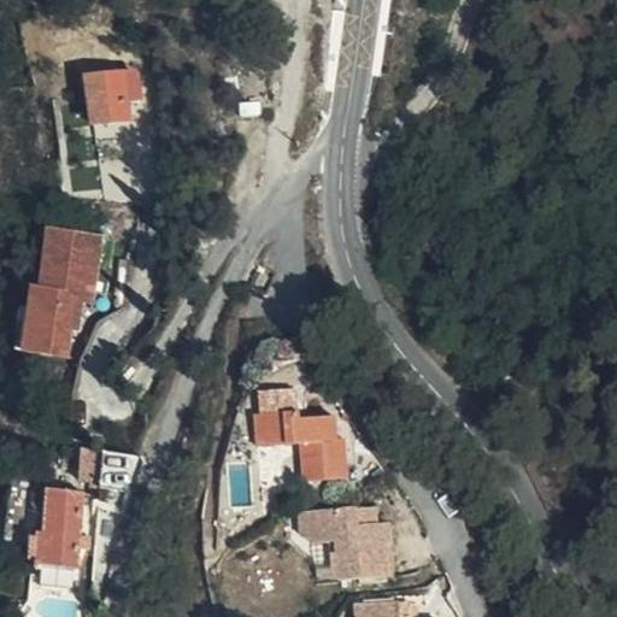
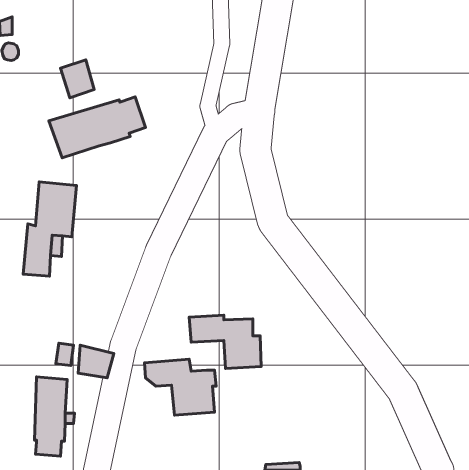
building: none -> [49,97,146,158]
building: [288,503,381,575] -> [145,359,216,415]

